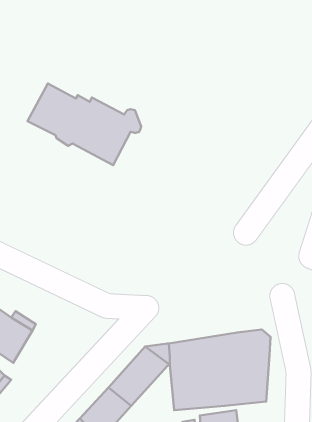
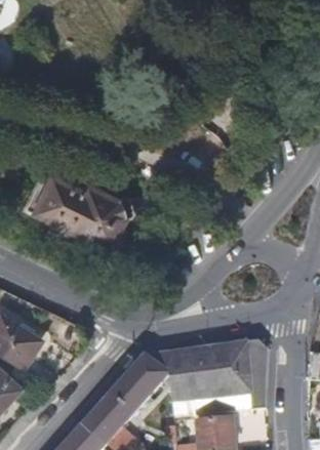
building: [28,83,141,165] -> [24,171,132,249]

